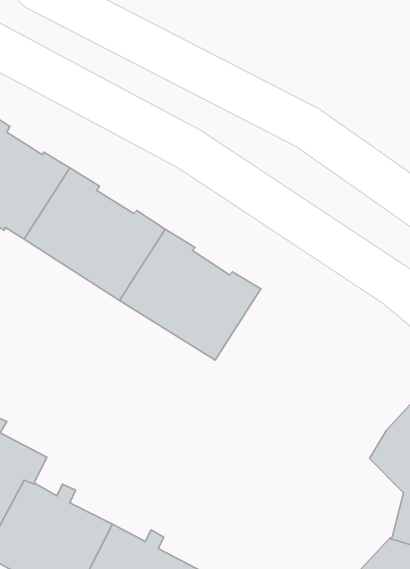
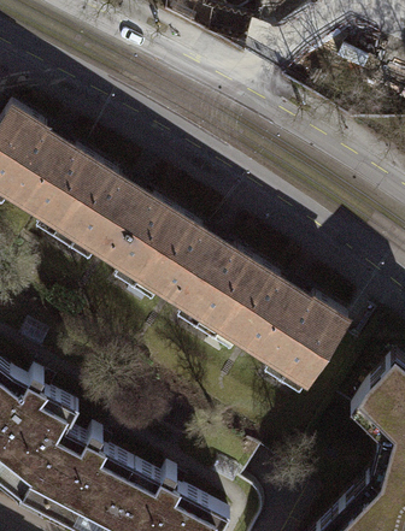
building: none -> [218,269,346,385]

